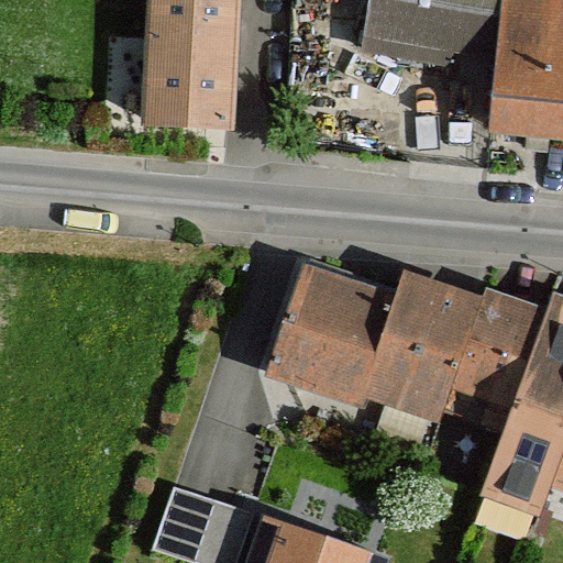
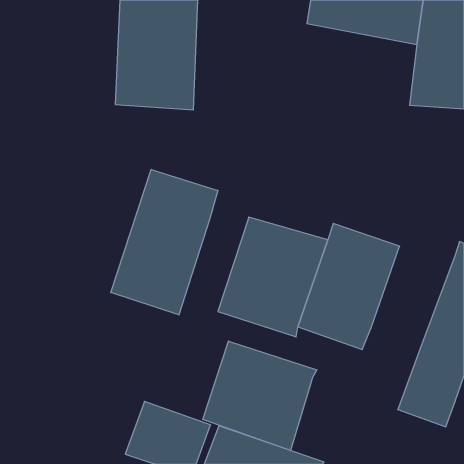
building: none -> [111,169,218,315]
building: [450,289,551,416] -> none
building: none -> [203,341,317,451]

